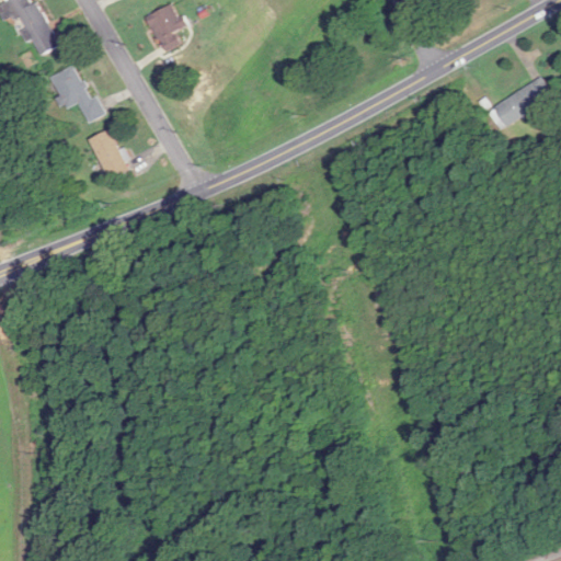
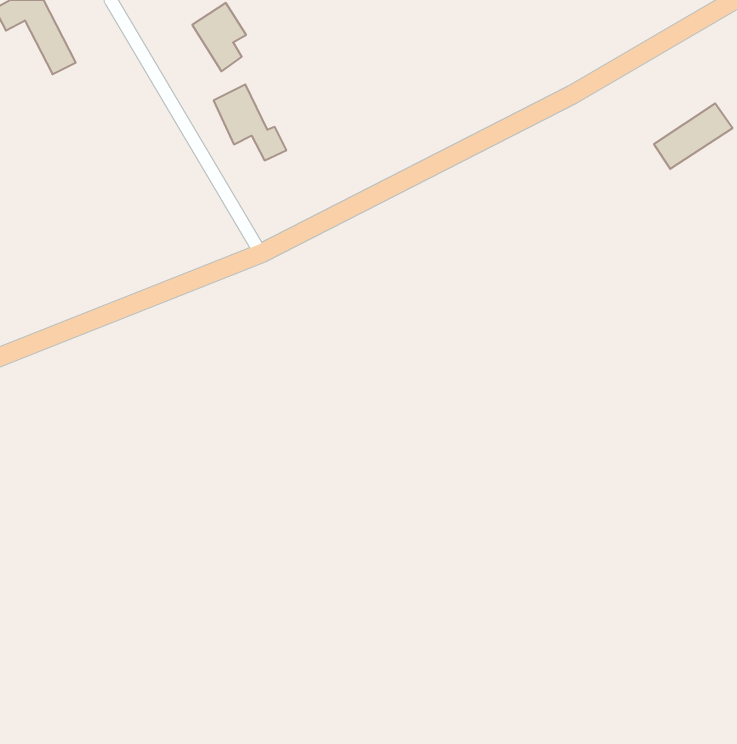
building: [49,65,104,122] -> [214,85,286,160]
building: [88,129,128,180] -> none

